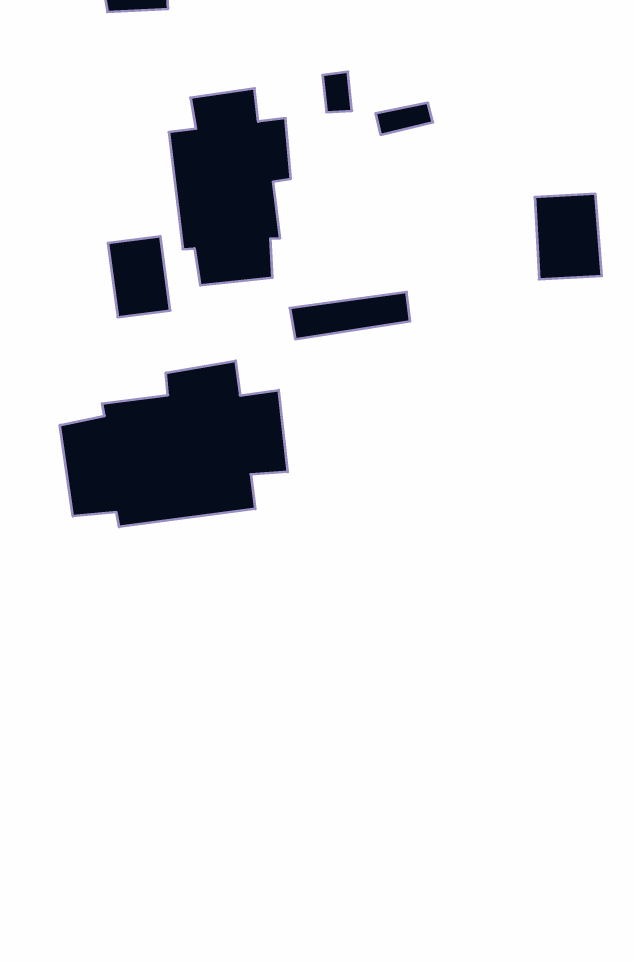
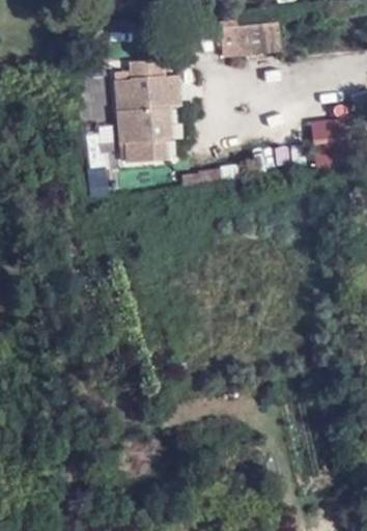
building: none -> [217,24,278,59]
building: [60,361,288,527] -> none

